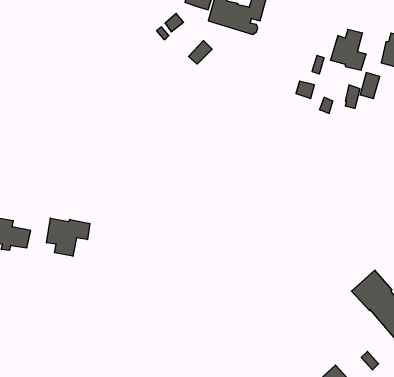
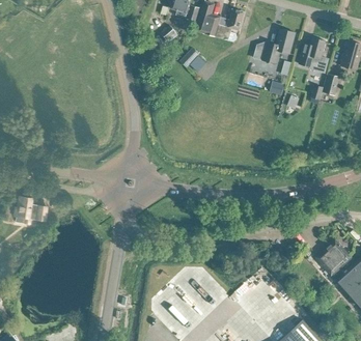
building: none -> [253,29,295,64]
building: [47,218,90,256] -> none

